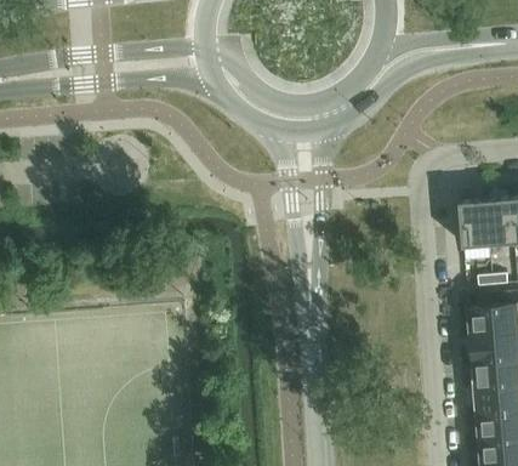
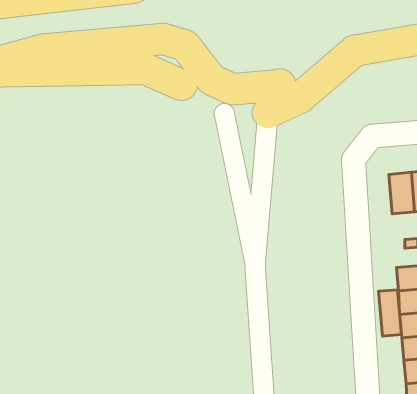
building: none -> [379,290,401,336]

